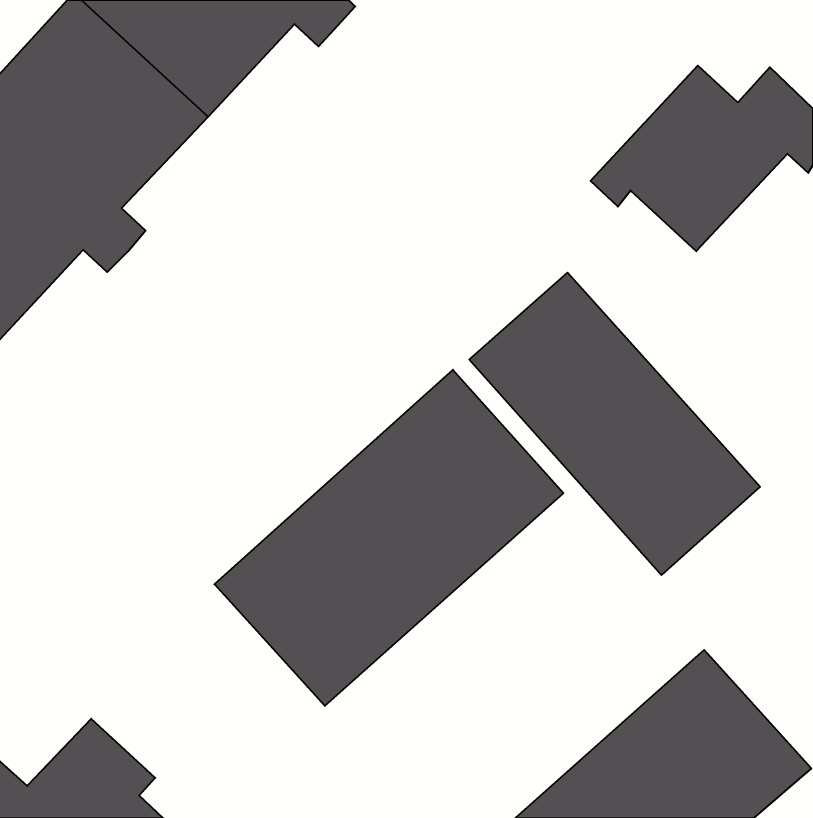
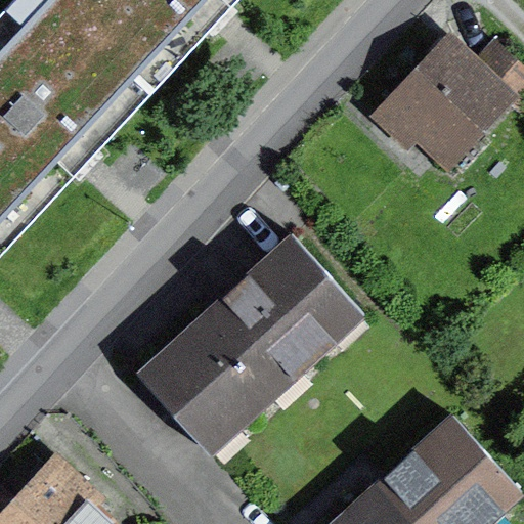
building: [469,273,760,575] -> none

